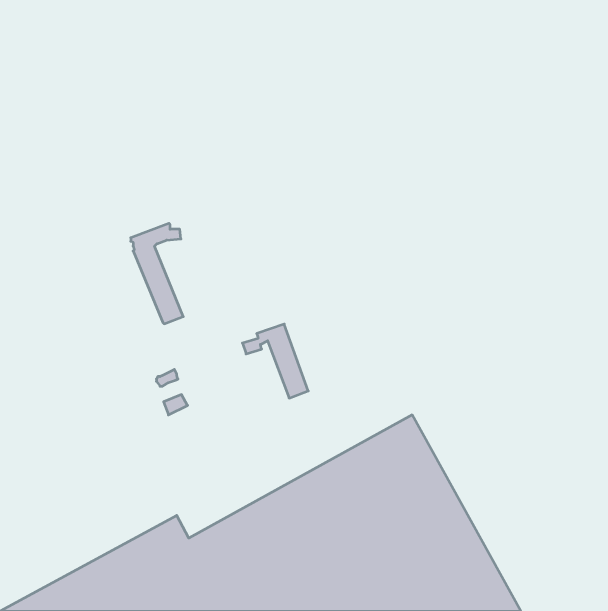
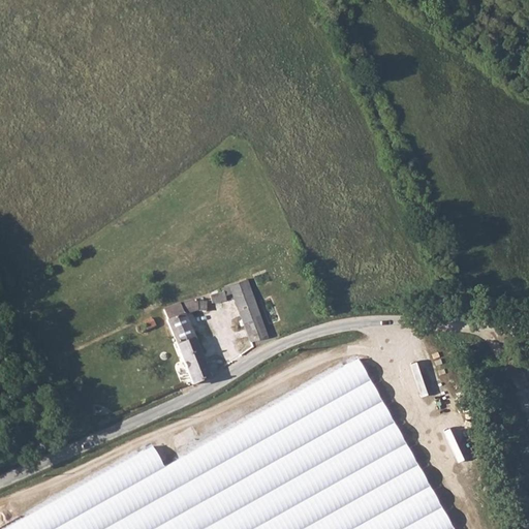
building: [131,223,183,324] -> [165,299,211,385]

